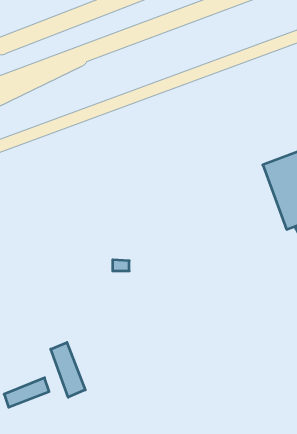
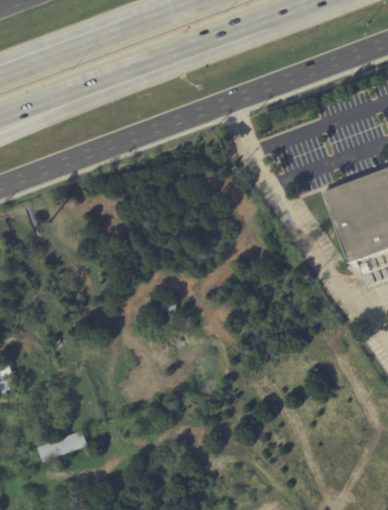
building: [51,342,85,397] -> none

